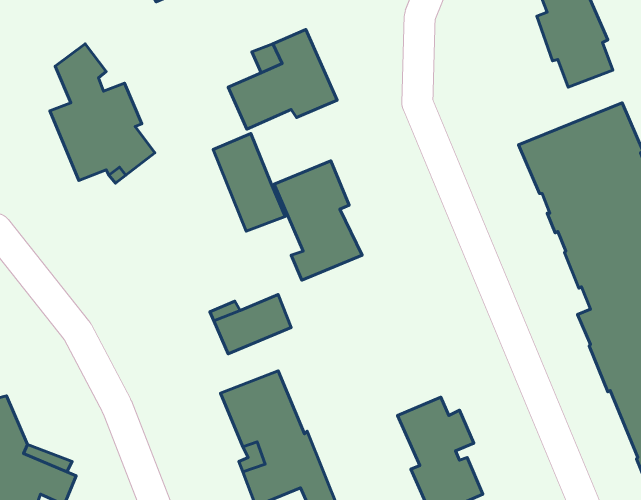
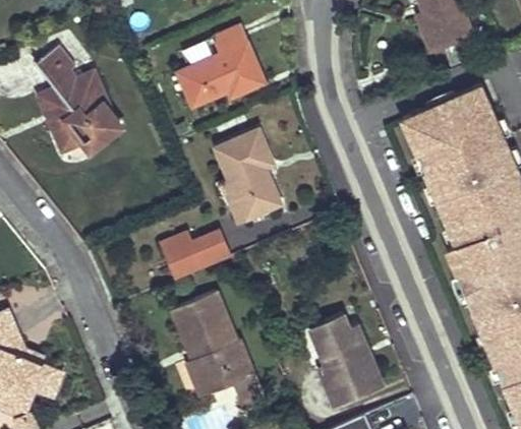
building: [213,134,285,231] -> none

